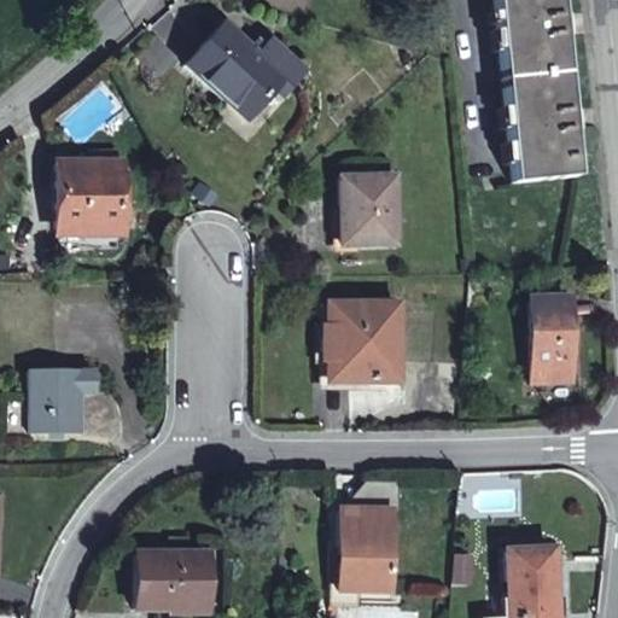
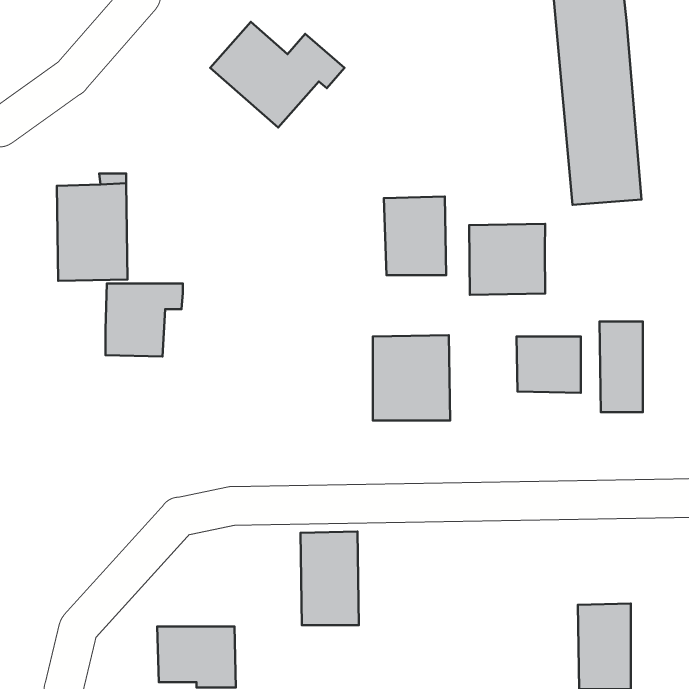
building: none -> [469,224,545,295]
building: none -> [517,337,581,393]
building: [28,368,97,433] -> [106,283,183,357]
building: [338,512,390,595] -> [300,531,359,625]

